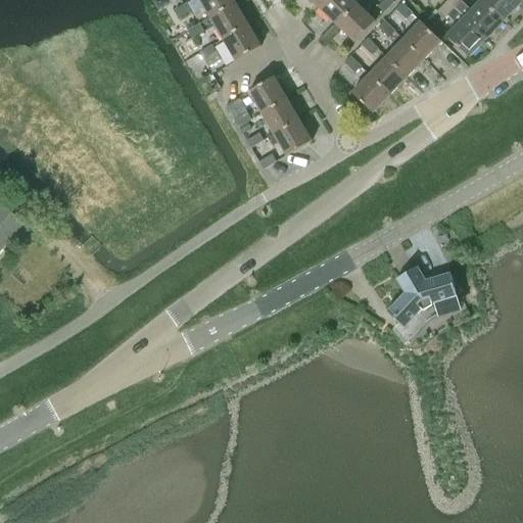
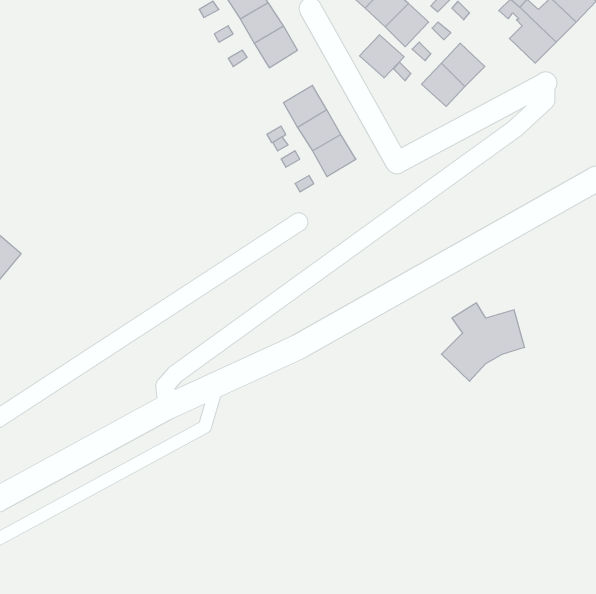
building: [401,19,440,58] -> none
building: [350,74,389,111] -> [360,35,404,78]

